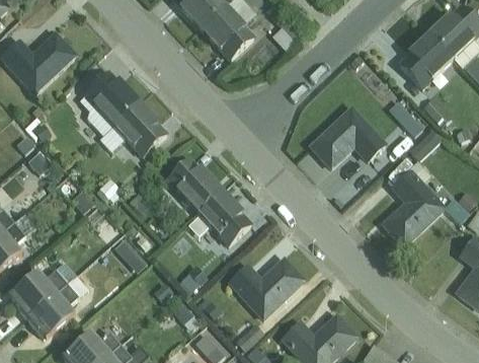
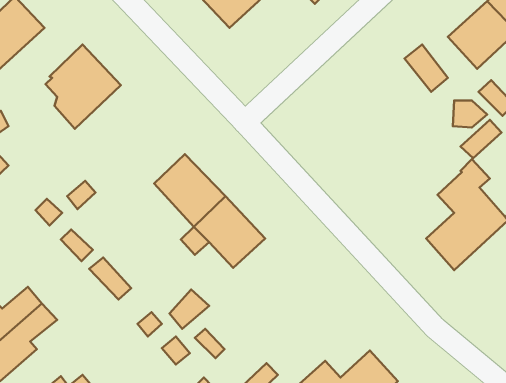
building: [99,102,168,158] -> none
building: [311,108,386,167] -> none
building: [227,257,306,321] -> none

